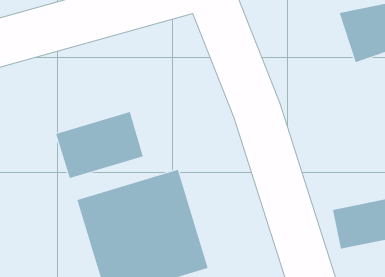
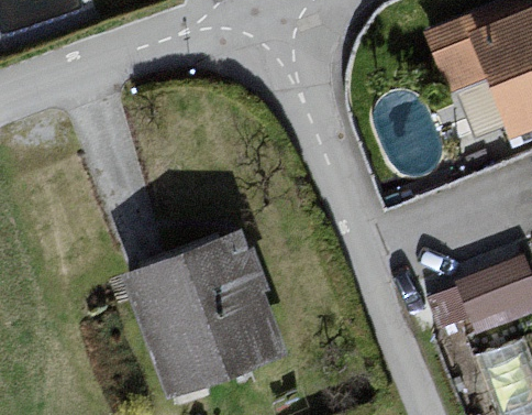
building: [56,111,143,179] -> none

